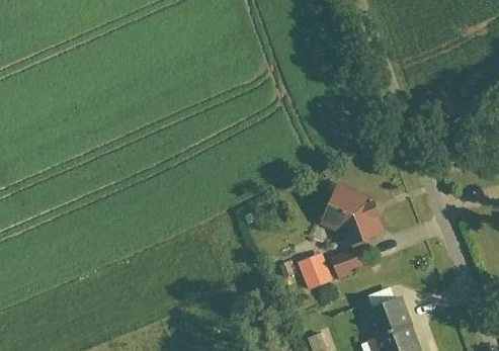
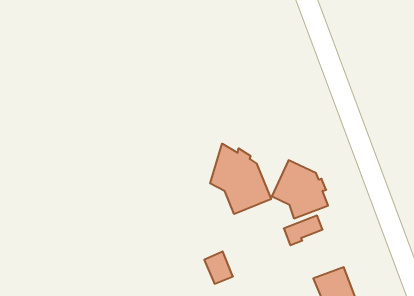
building: none -> [210,144,271,214]
building: [300,252,331,287] -> [204,251,233,284]

